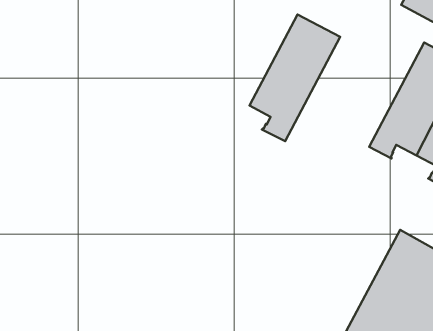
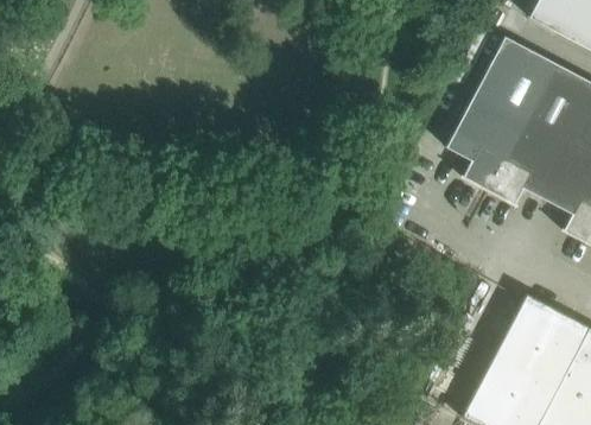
building: [249,15,340,141] -> [447,36,559,191]

